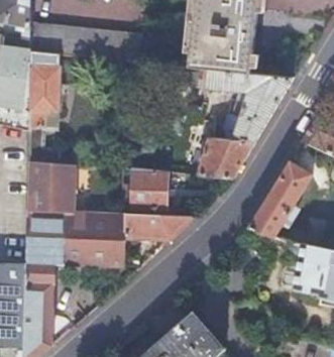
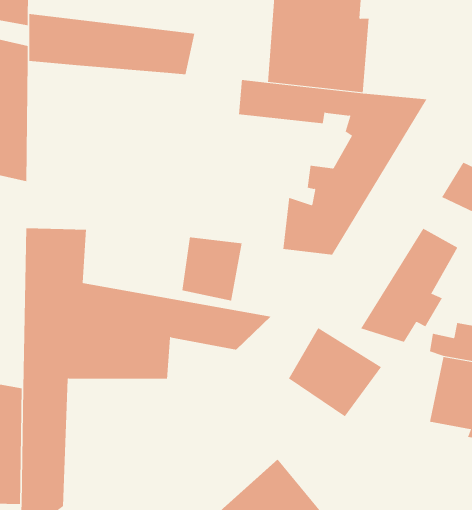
building: [27,51,66,162] -> none
building: none -> [288,327,382,417]

